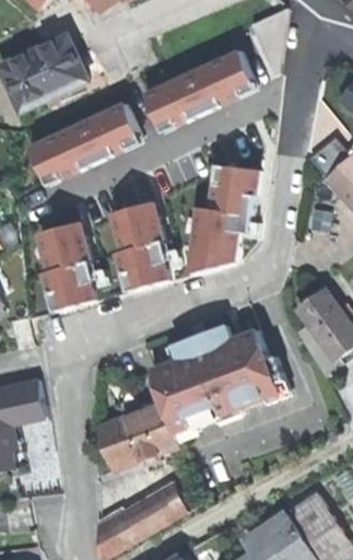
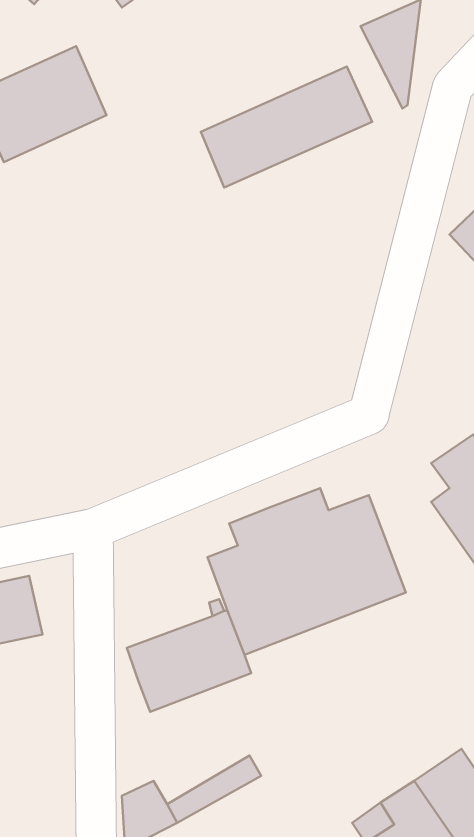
building: [28,98,145,182] -> none
building: [193,164,268,273] -> none
building: [116,197,178,289] -> none
building: [43,219,105,310] -> none

